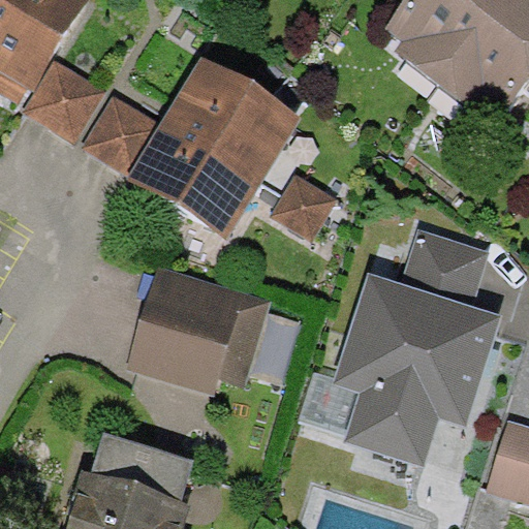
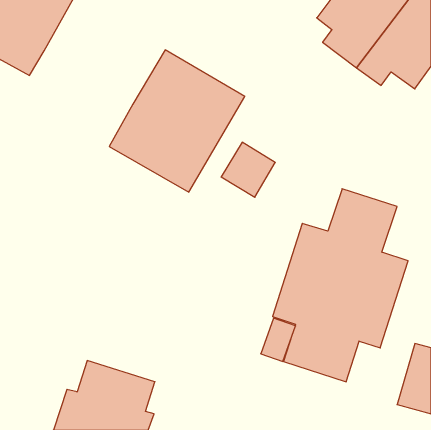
building: [25,62,104,144] -> none
building: [82,96,162,179] -> none
building: [128,268,270,395] -> none

